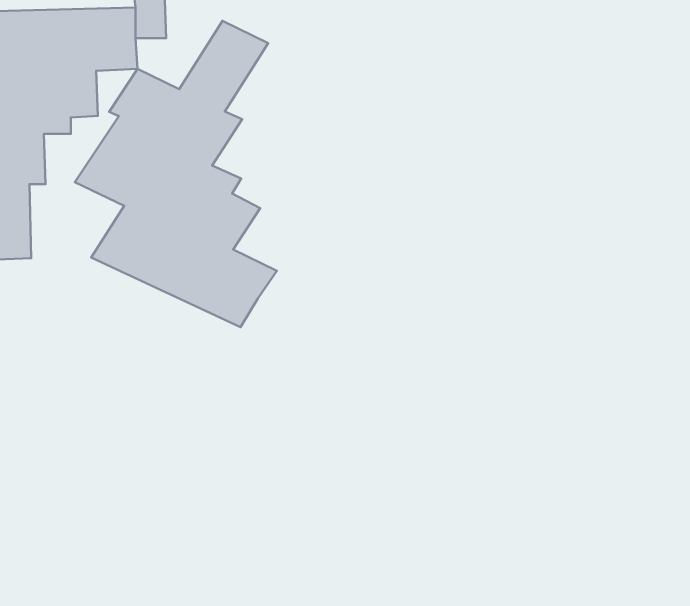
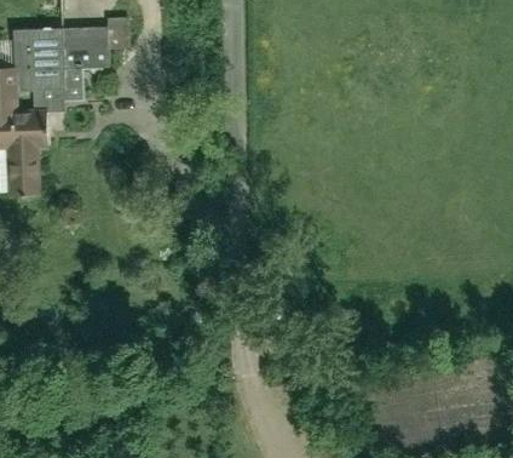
building: [75,21,277,327] -> none

